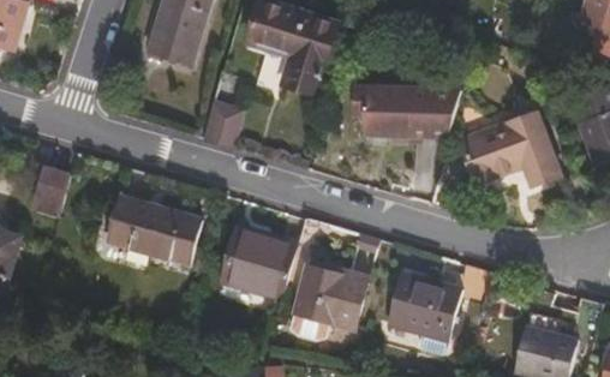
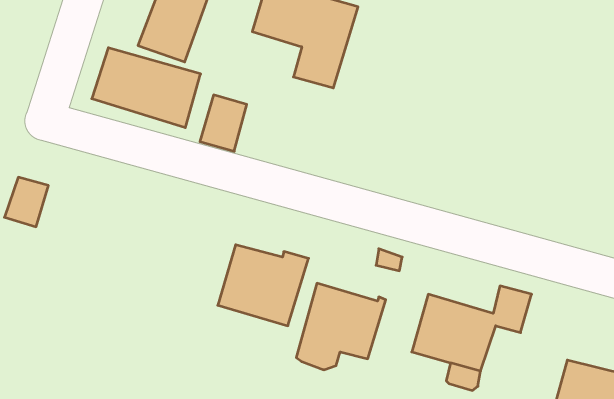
building: [353,86,458,133] -> none
building: [458,108,555,184] -> none
building: [102,195,197,264] -> [92,48,201,128]

